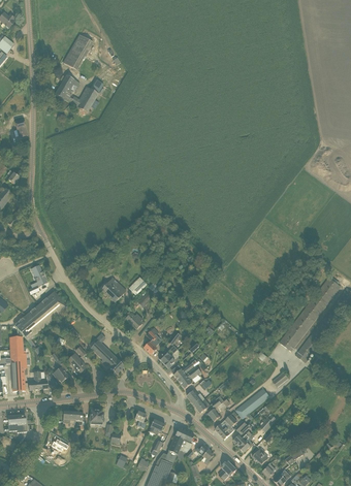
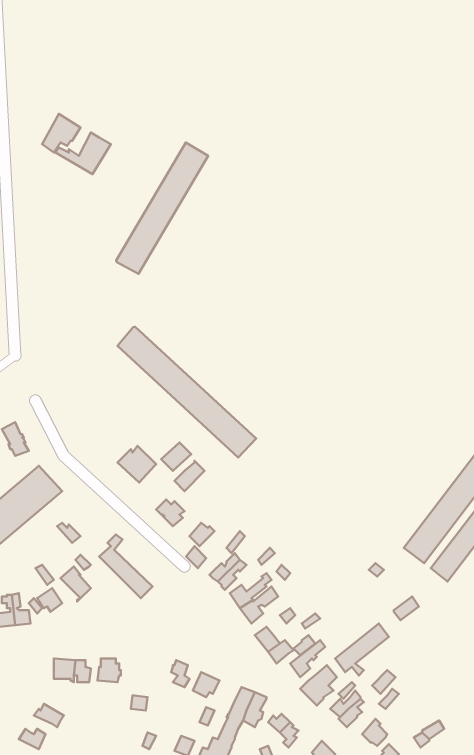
building: [61,34,91,69] -> none
building: none -> [116,142,208,274]
building: none -> [117,327,256,457]

